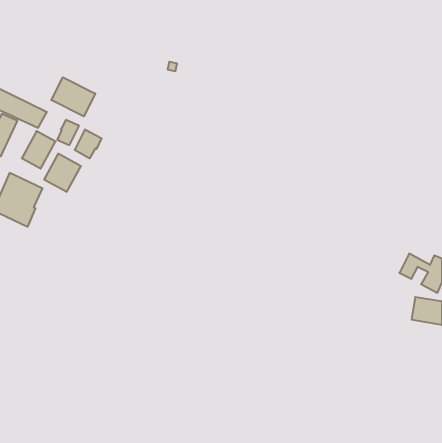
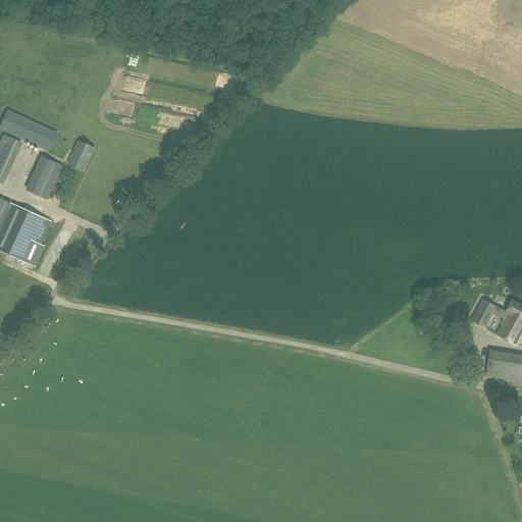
building: [51,77,95,116] -> none
building: [75,129,101,158] -> none
building: [44,154,81,192] -> none

